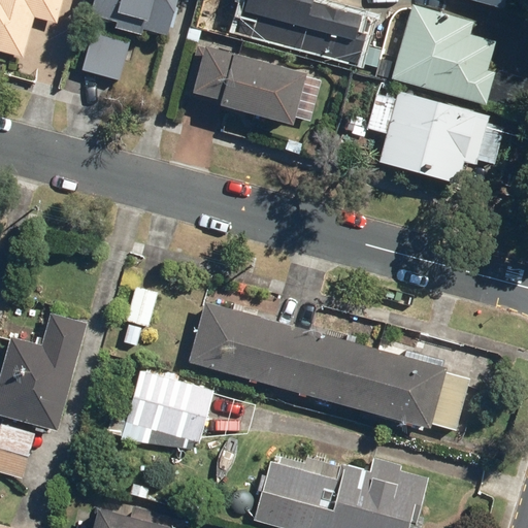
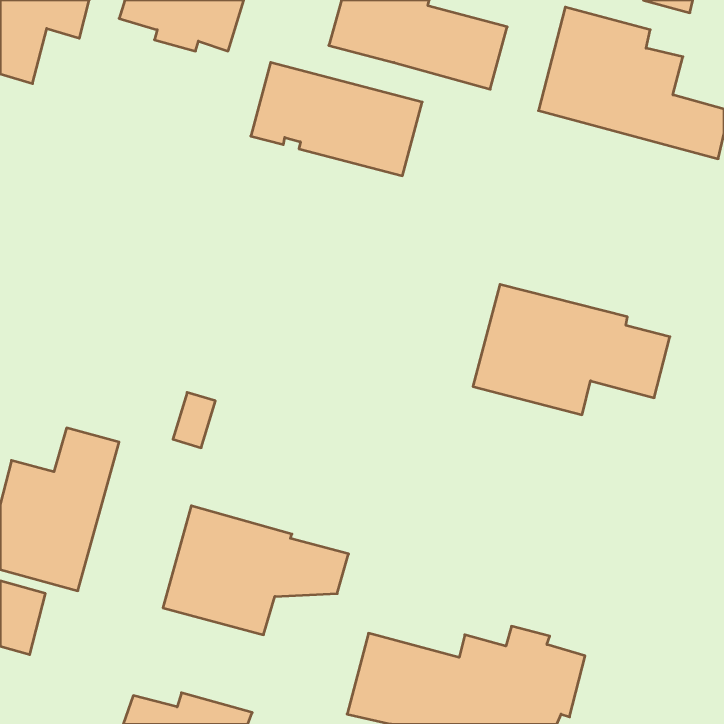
building: [81,34,130,82] -> none
building: [378,93,522,188] -> [473,284,670,415]
building: [188,302,468,430] -> none

